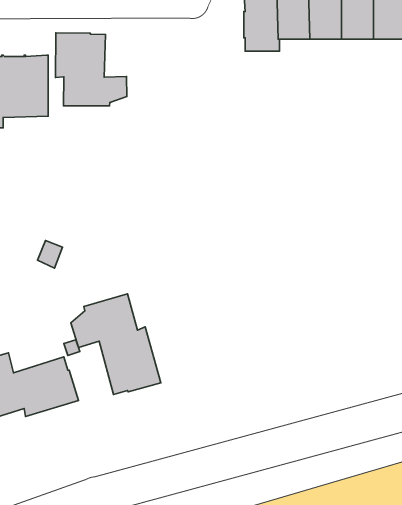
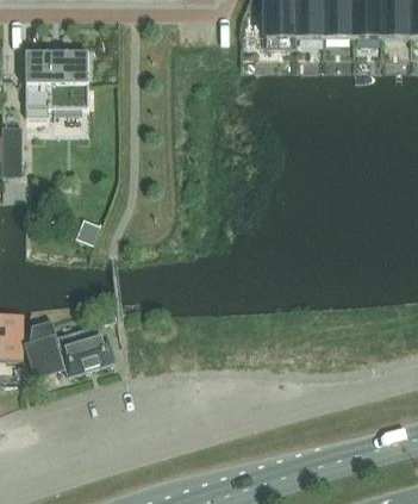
building: [55,33,127,106] -> none
building: [71,294,161,395] -> none

